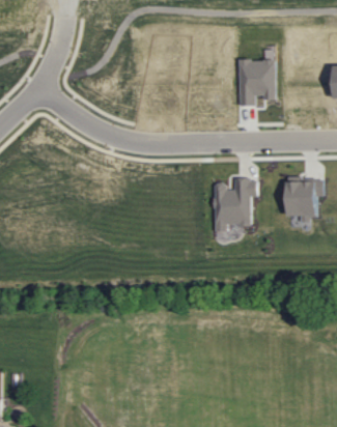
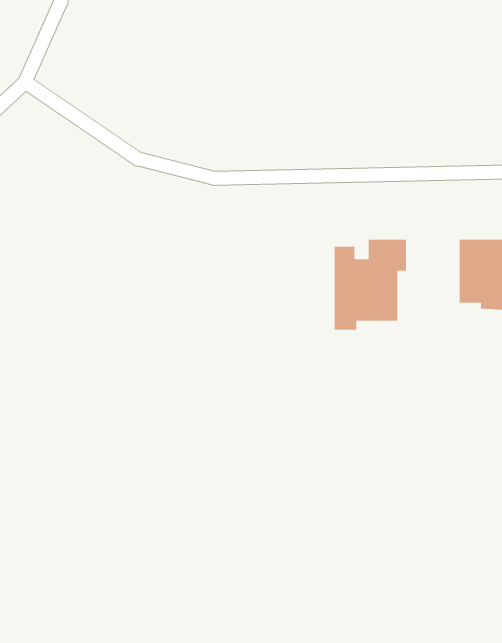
building: [237,59,275,106] -> none

